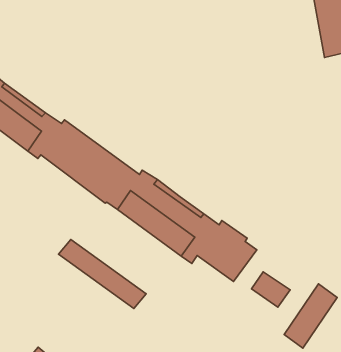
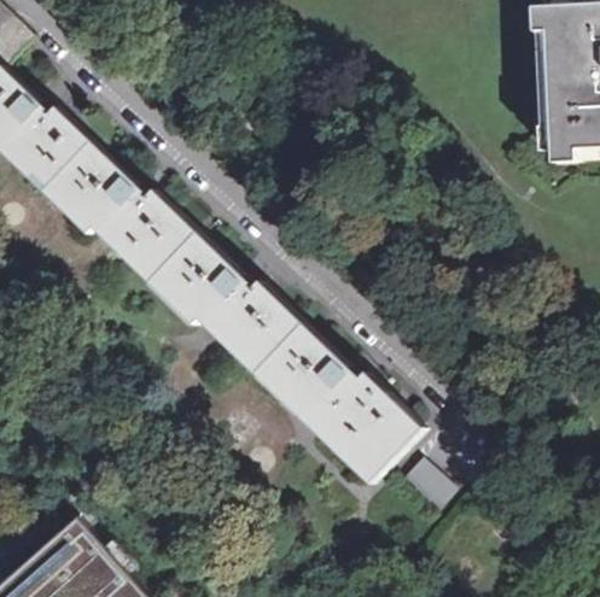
building: [59,239,146,309] -> none
building: [284,284,337,348] -> none

